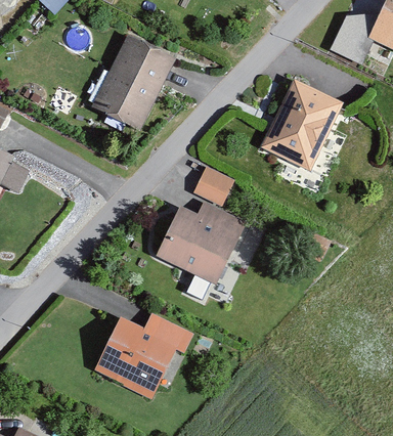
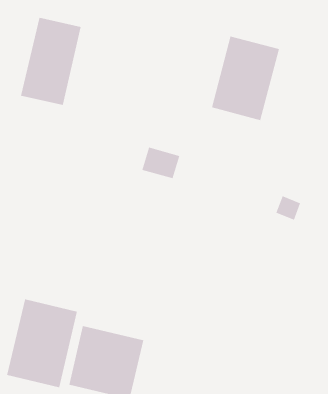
building: [162,204,238,274] -> none
building: none -> [7,299,78,388]

